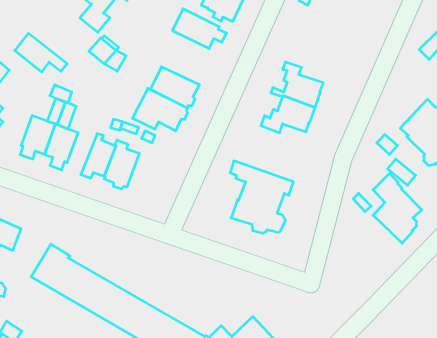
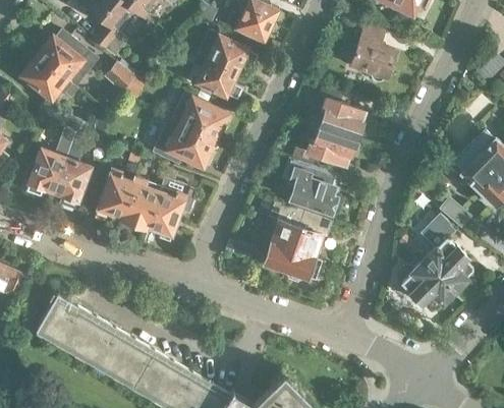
building: none -> [349,23,396,84]
building: none -> [35,28,98,86]
building: none -> [191,53,242,100]
building: none -> [281,158,342,216]
building: none -> [147,191,187,242]
building: none -> [402,260,455,308]

